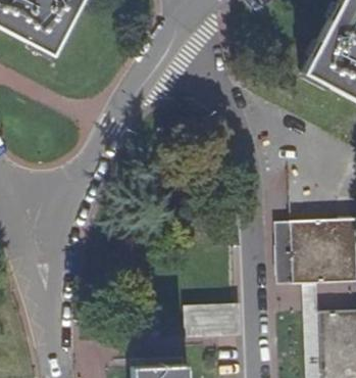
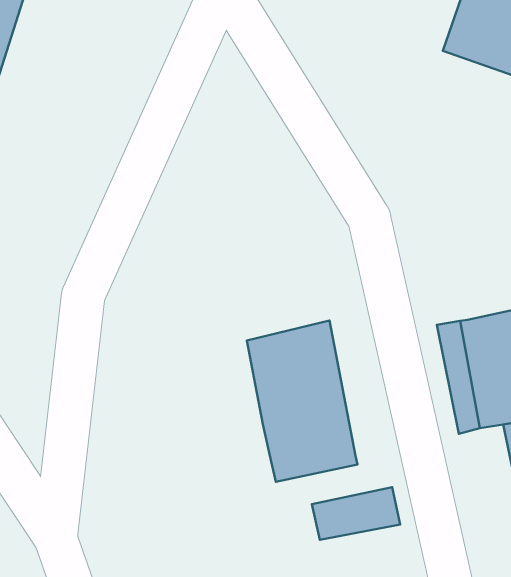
building: none -> [247,321,357,482]

